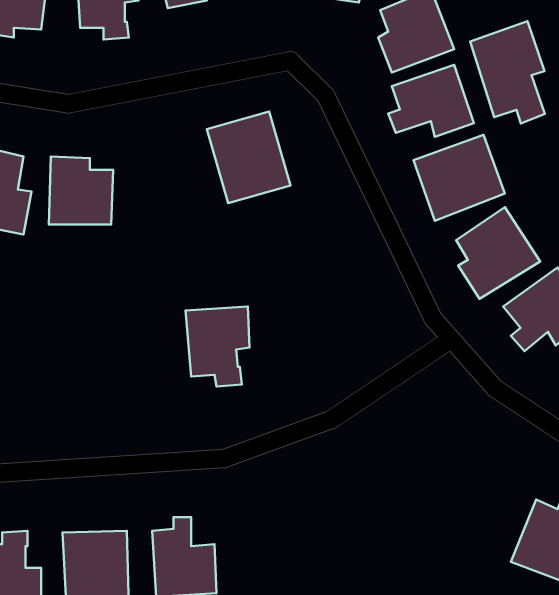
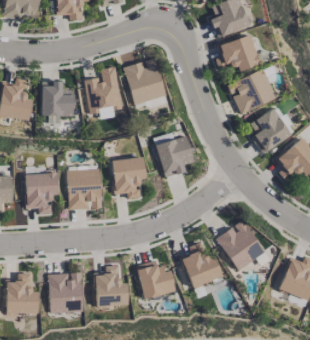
building: [470,21,545,124] -> none
building: none -> [85,67,122,119]
building: none -> [157,136,194,178]
building: none -> [67,169,102,210]
building: none -> [25,173,58,214]
building: none -> [217,219,265,270]
building: none -> [181,242,223,289]
building: none -> [137,260,176,300]

